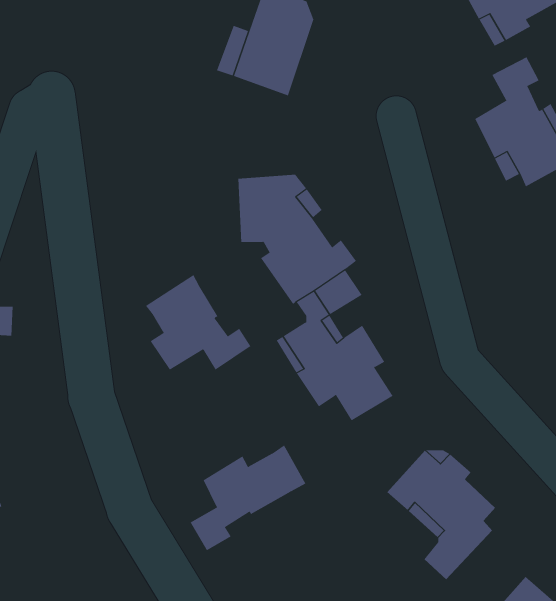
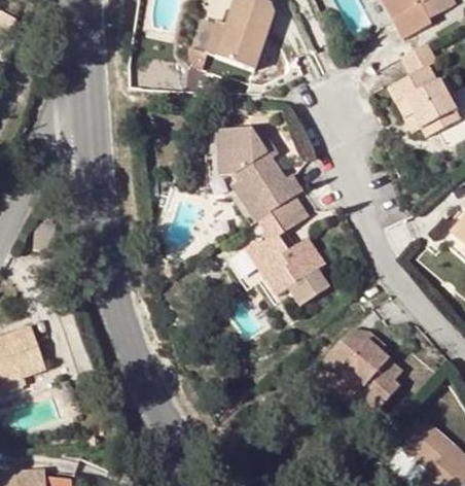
building: [145,274,251,371] -> none
building: [190,445,306,551] -> none

